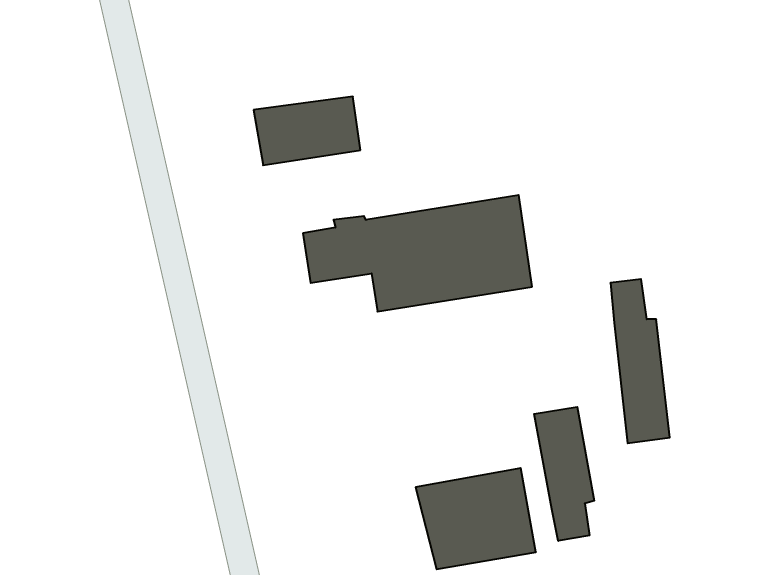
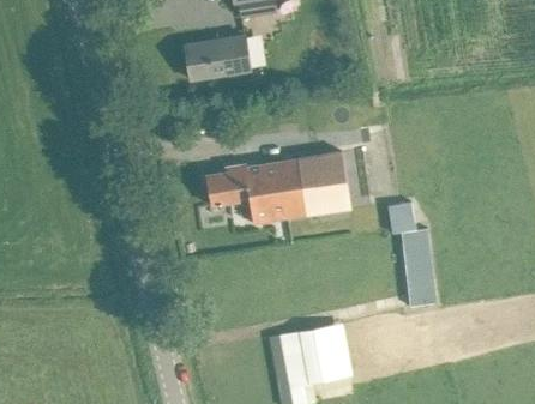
building: [254,97,360,165] -> [184,37,251,80]
building: [534,407,594,541] -> none

